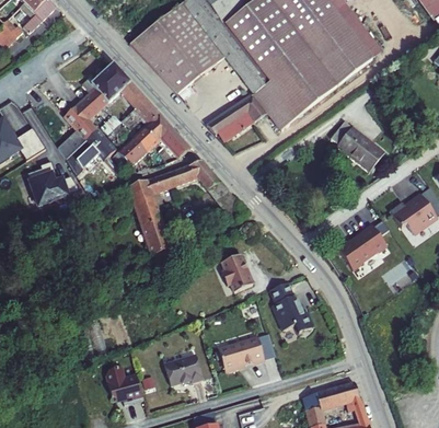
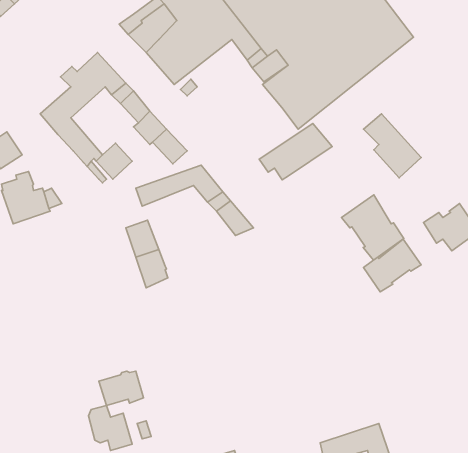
building: [207,90,269,138] -> [259,123,332,180]
building: [127,126,157,155] -> none
building: [61,132,100,178] -> none
building: [126,178,154,212] -> none
building: none -> [342,195,404,260]
building: [221,252,253,289] -> none
building: [270,281,313,331] -> none
building: [217,338,263,373] -> none
building: [163,357,201,386] -> [99,371,144,406]

